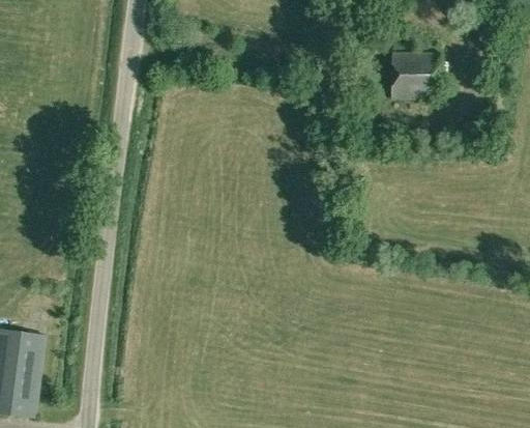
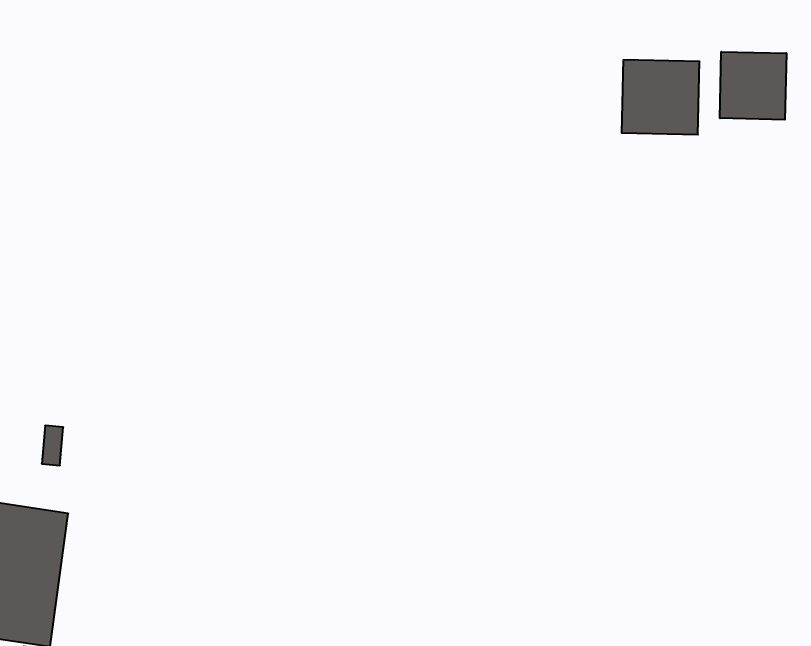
building: none -> [720,52,786,120]

